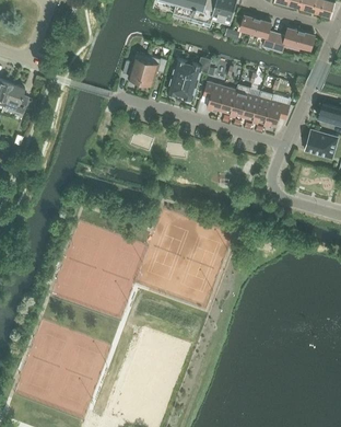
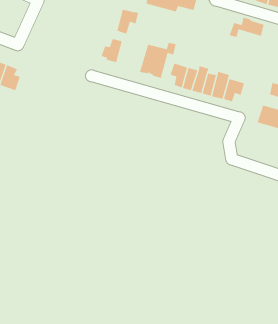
building: [240,15,278,48] -> none
building: [141,55,167,84] -> [117,9,139,34]

